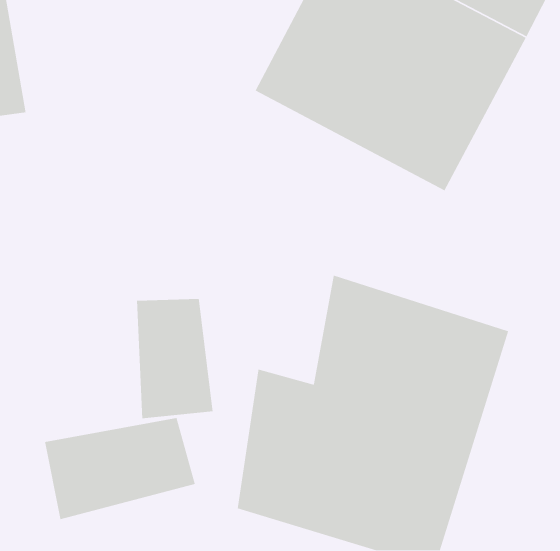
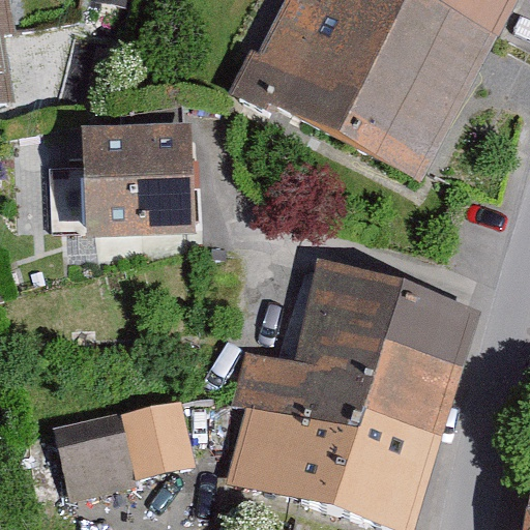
building: none -> [83,126,204,243]
building: [136,298,214,419] -> none

